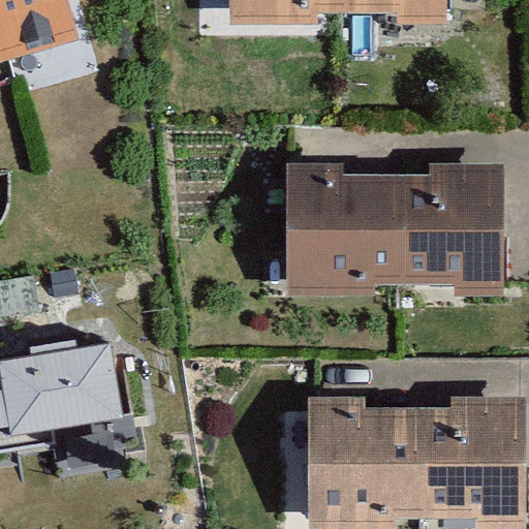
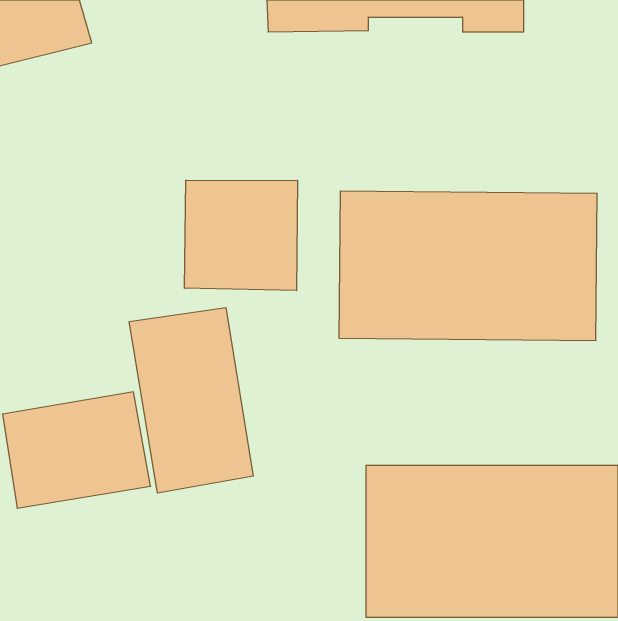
building: none -> [184,180,298,291]
building: none -> [129,308,253,493]

